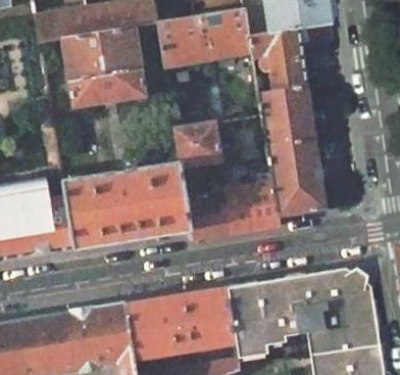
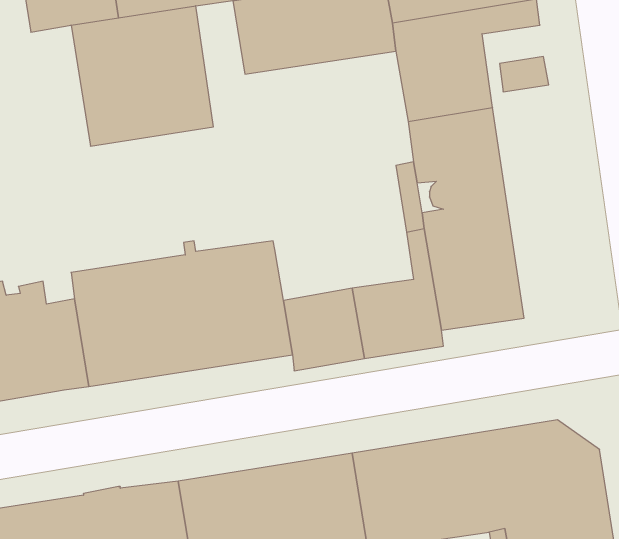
building: [173,123,221,169] -> none

